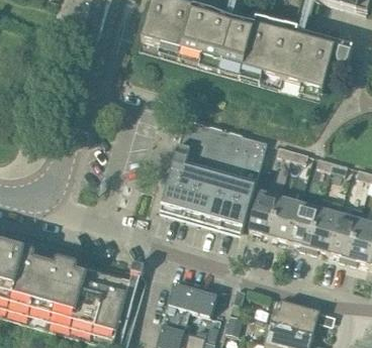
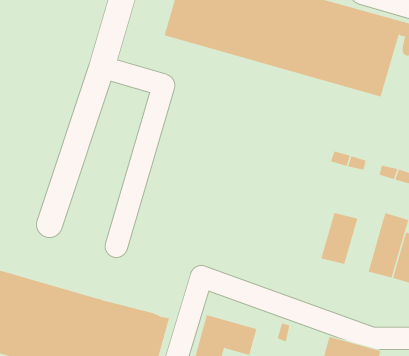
building: [161,119,267,228] -> none
building: [249,191,280,235] -> none
building: [289,202,319,246] -> none

